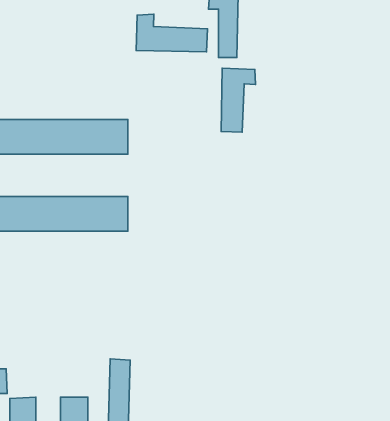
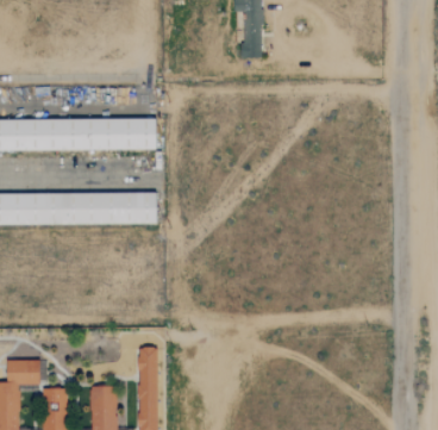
building: [136,14,207,52] -> none
building: [221,68,255,132] -> none

